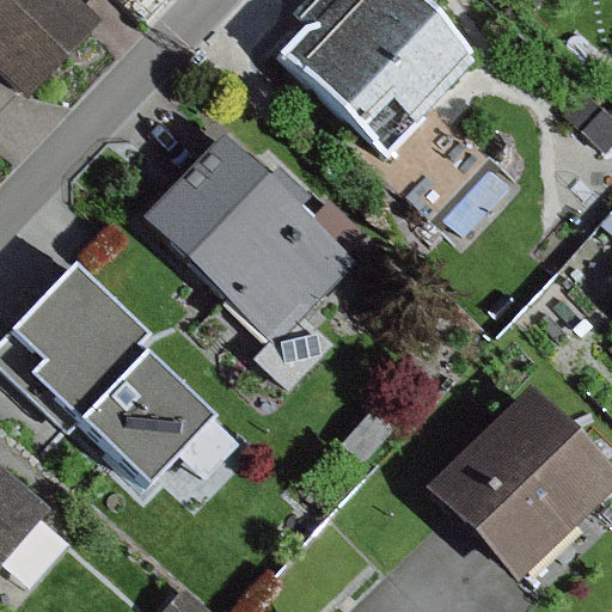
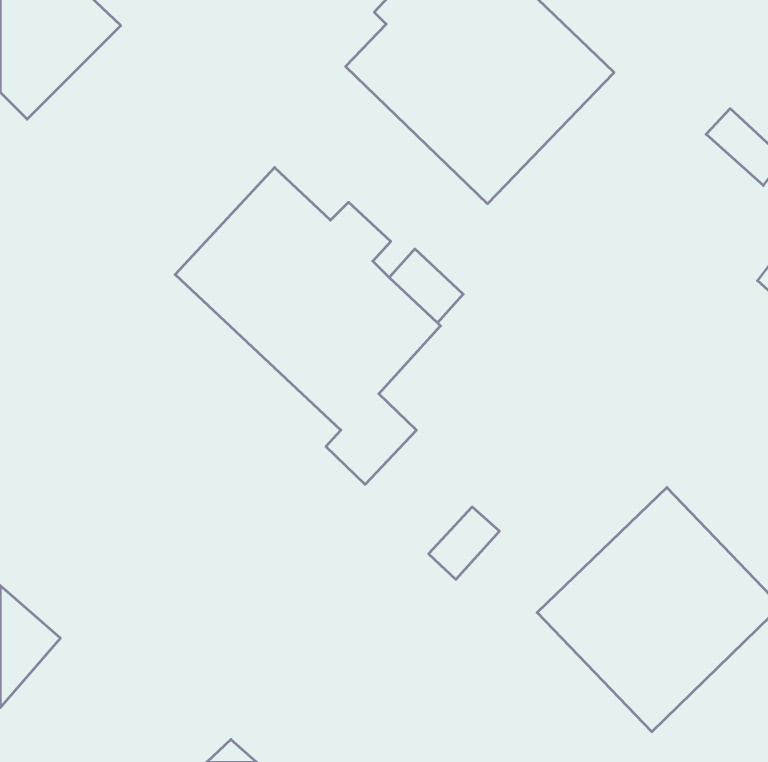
building: [13,267,208,481] -> none

